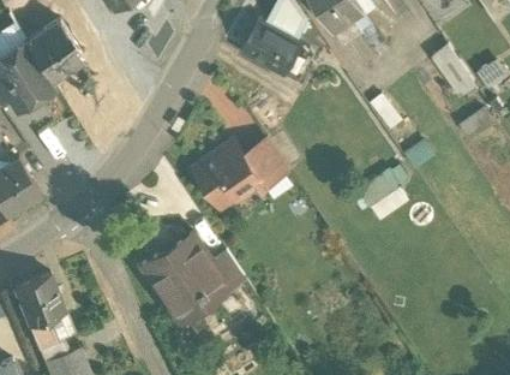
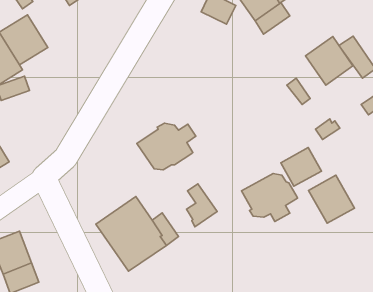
building: [239,22,294,73] -> none
building: none -> [305,37,353,85]
building: [248,139,284,190] -> [187,184,217,227]
building: none -> [242,174,297,222]
building: none -> [308,175,355,223]

